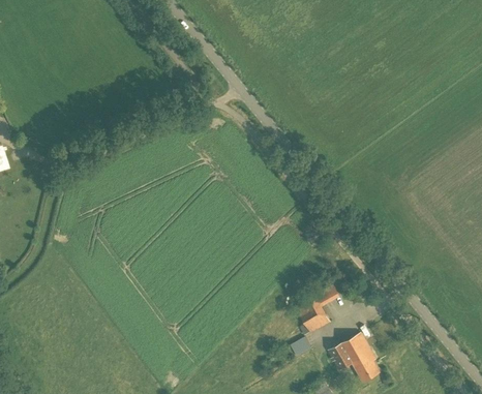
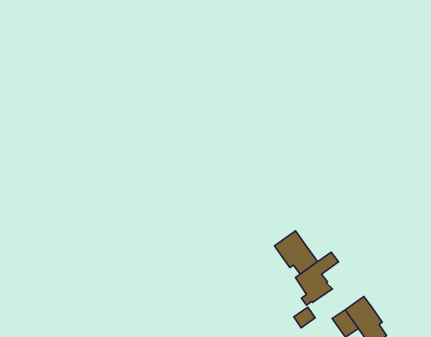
building: none -> [275,231,318,274]

